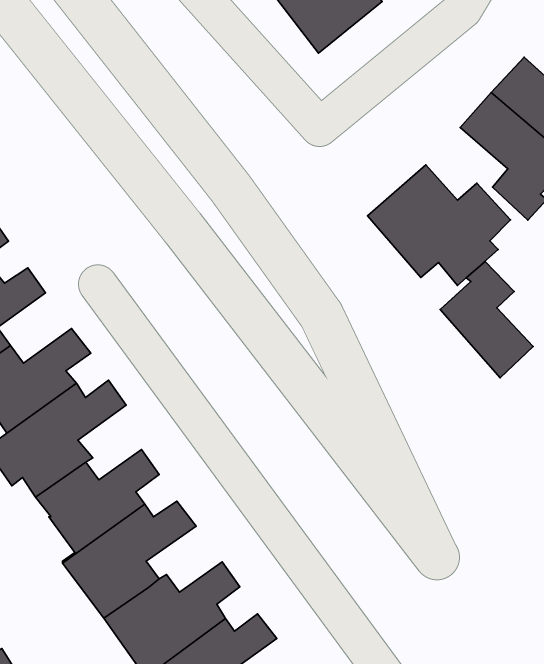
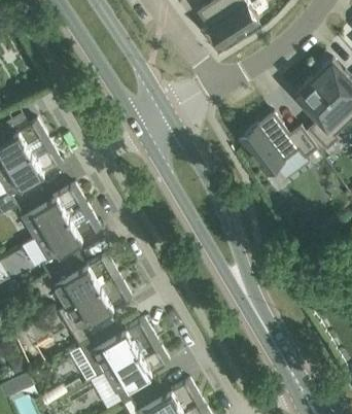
building: [440,262,533,378] -> none

